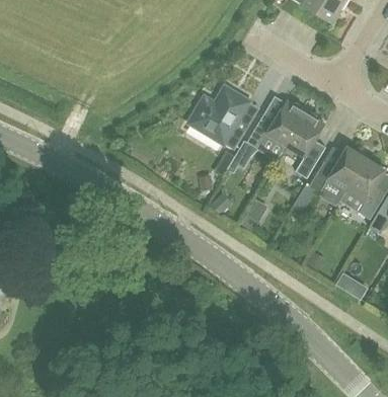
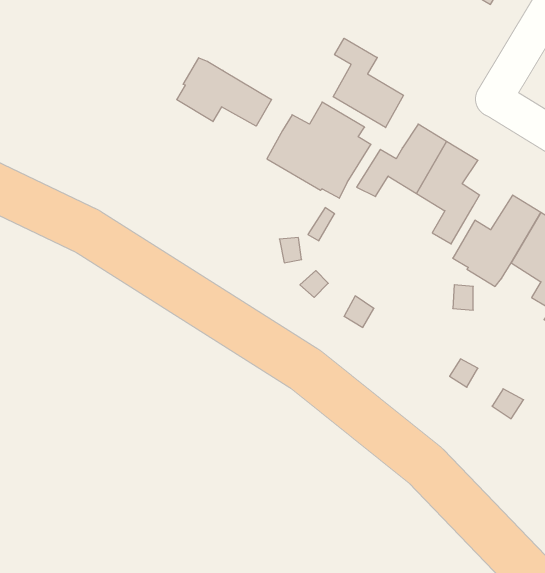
building: none -> [333,38,403,128]
building: none -> [177,58,272,126]

